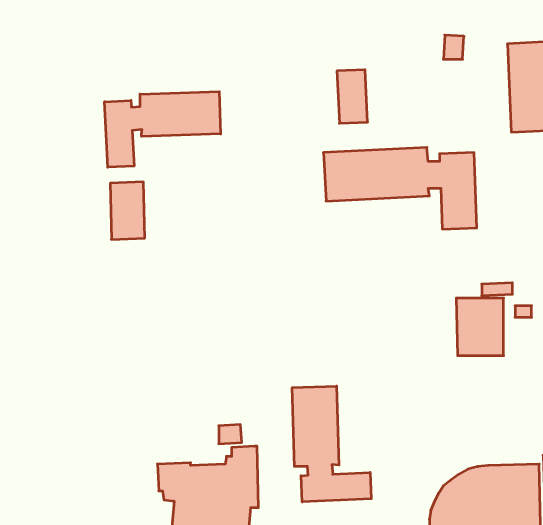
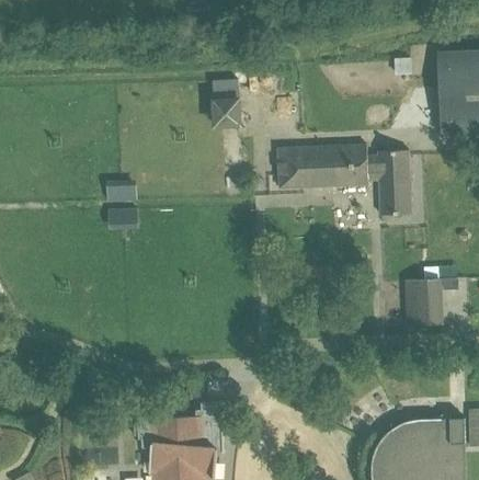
building: [337,70,368,123] -> [215,79,241,125]
building: [105,92,221,167] -> none
building: [292,386,371,502] -> none

